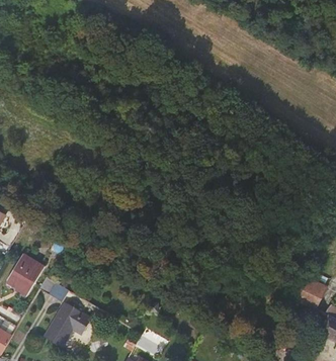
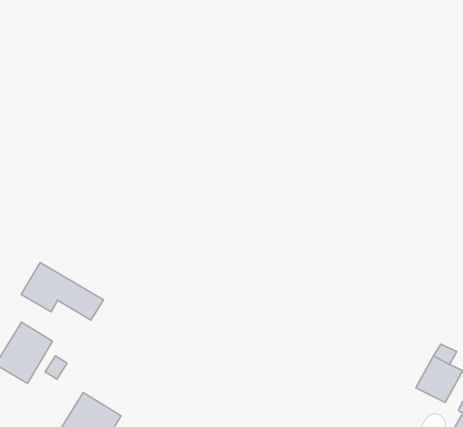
building: none -> [21,262,104,320]

